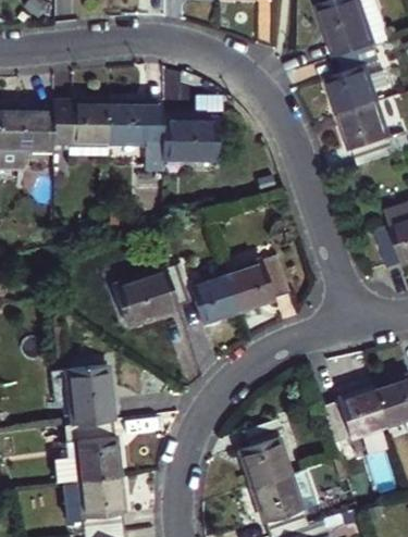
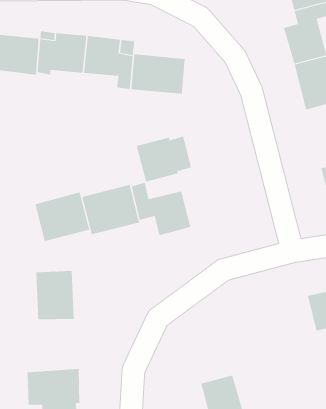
building: [223,259,287,313] -> [136,136,192,182]
building: none -> [35,191,90,242]
building: [317,383,383,436] -> none
building: [245,422,293,488] -> none
building: [63,424,120,485] -> none

